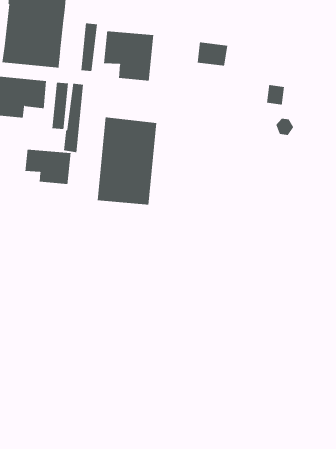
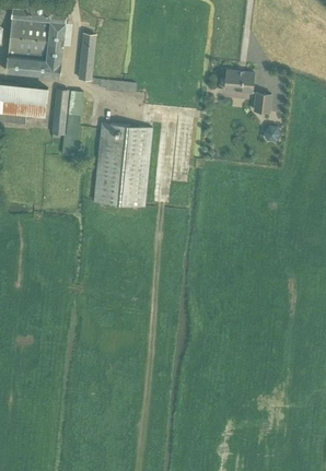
building: [104,30,154,82] -> none
building: [197,42,228,66] -> [225,69,255,92]
building: [25,149,71,185] -> none

